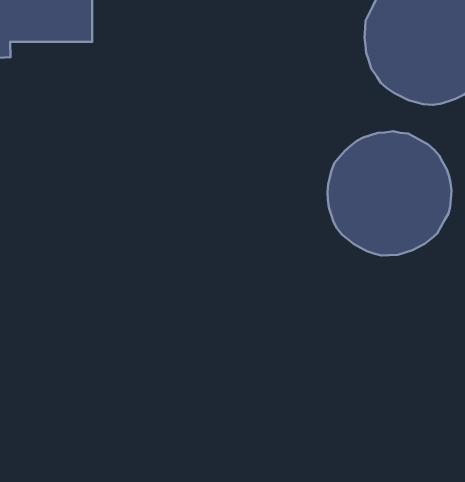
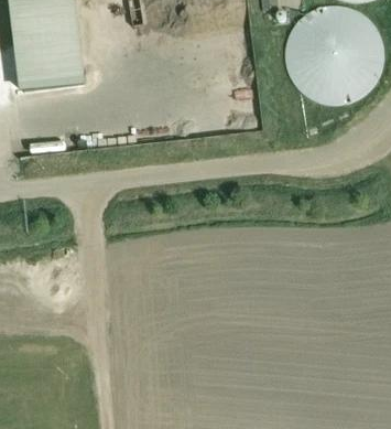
building: [327,131,452,255] -> none

